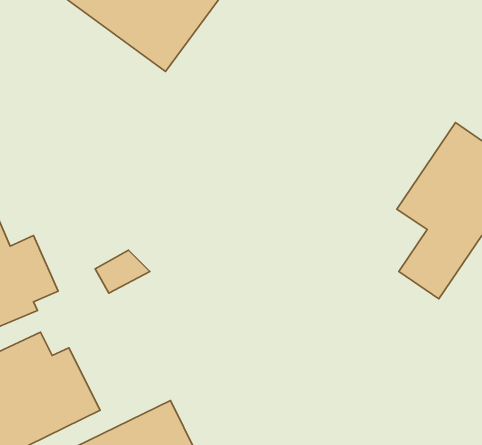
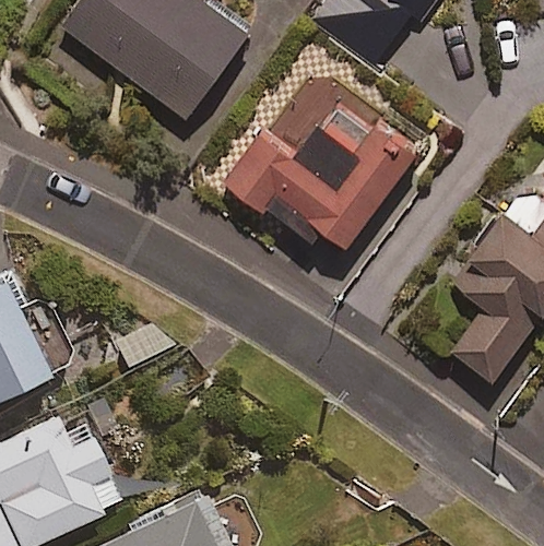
building: none -> [225,72,414,239]

